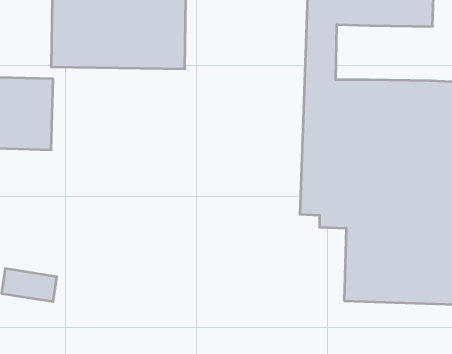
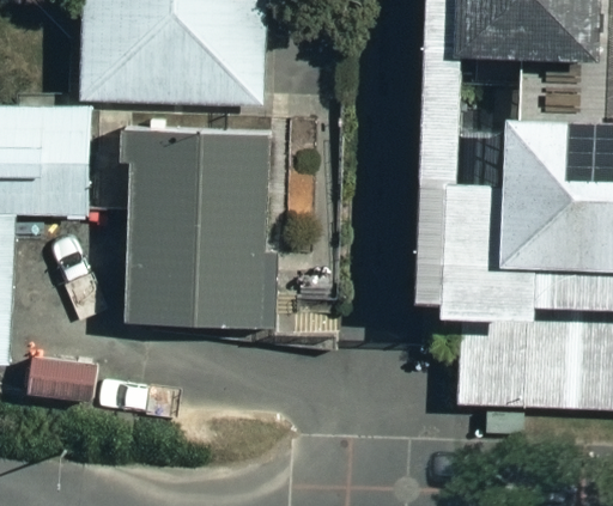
building: none -> [148,130,271,327]

